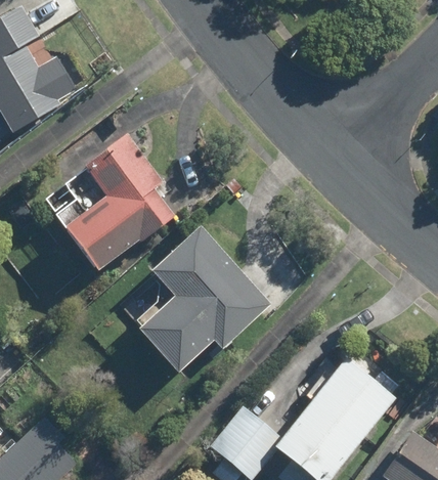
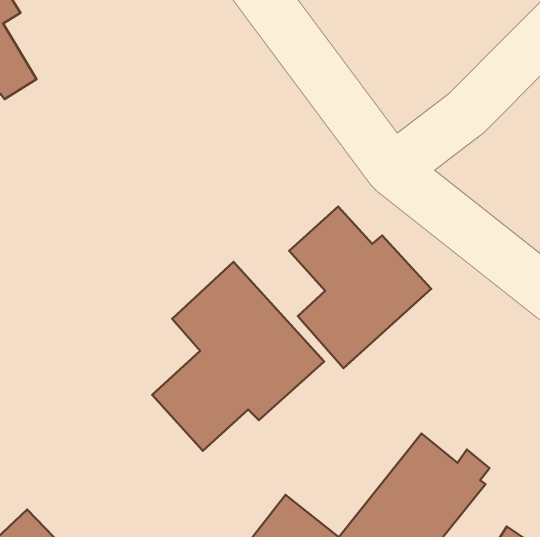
building: [64,134,175,272] -> none
building: none -> [289,206,431,368]

